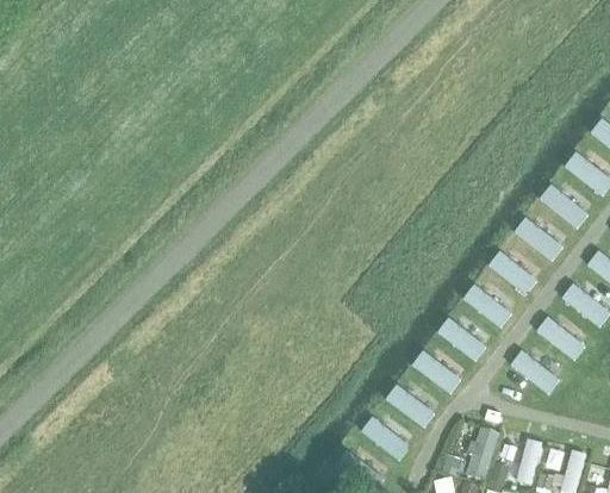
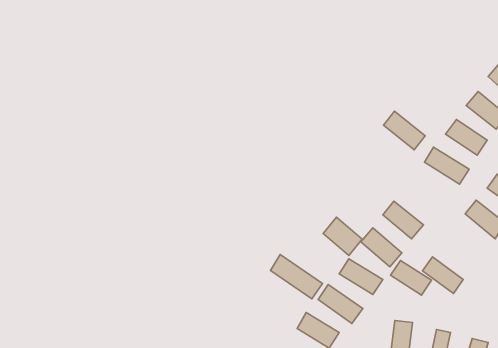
building: [487,250,537,297] -> [383,111,425,150]
building: none -> [323,217,362,256]
building: [535,316,584,357] -> [391,260,431,295]
building: none -> [271,255,323,299]

